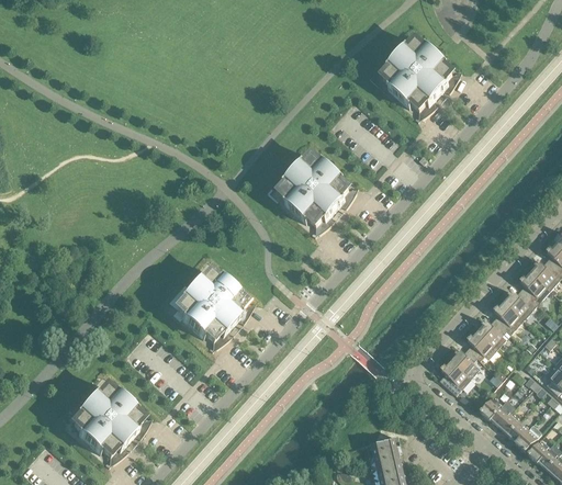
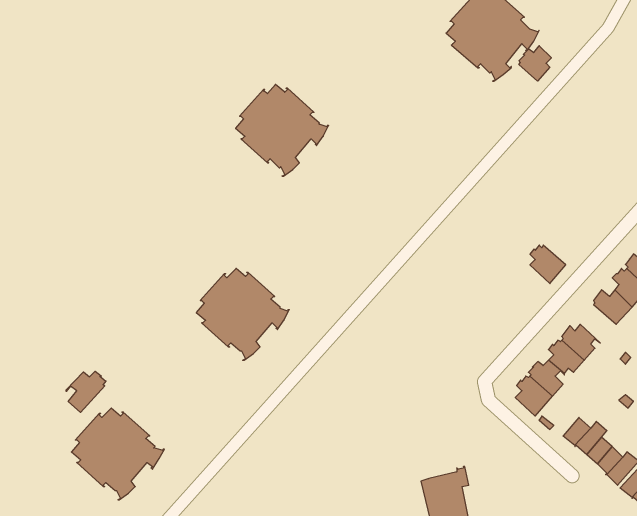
building: none -> [519,46,551,81]
building: [278,157,355,233] -> [236,84,329,176]
building: [492,302,521,334] -> [530,245,566,284]
building: none -> [66,371,106,412]

